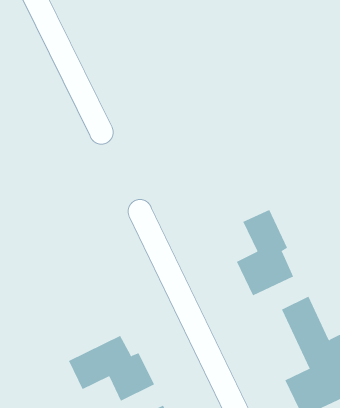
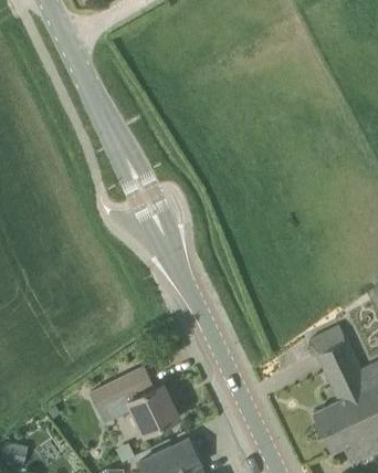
building: [236,209,294,296] -> none

